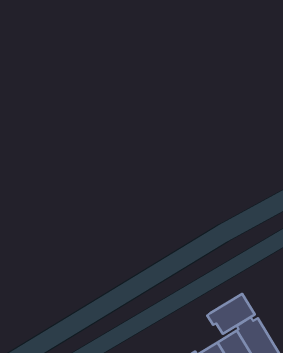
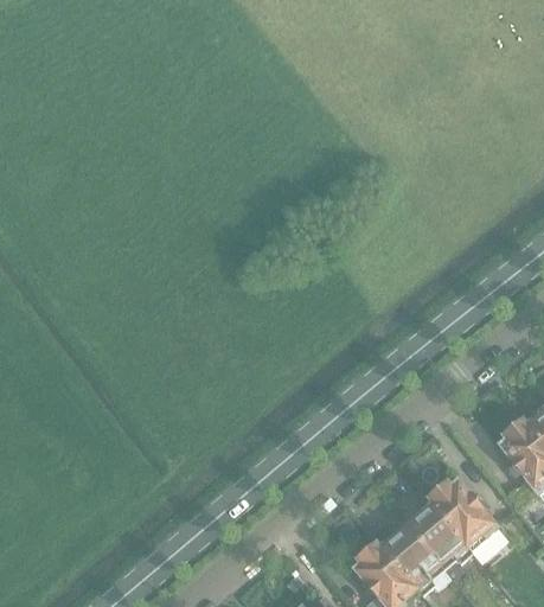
building: [207,294,255,334] -> none

